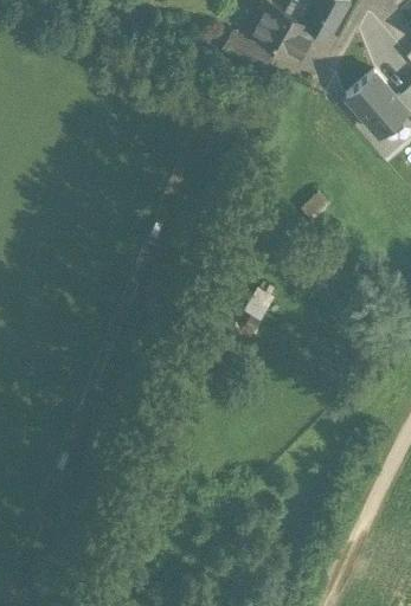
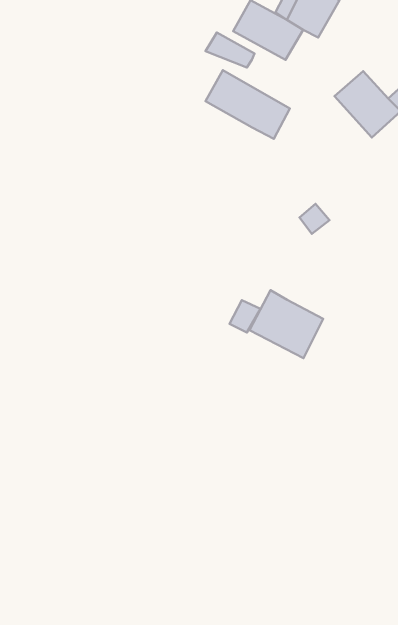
building: none -> [206,70,290,139]
building: none -> [249,290,323,358]

